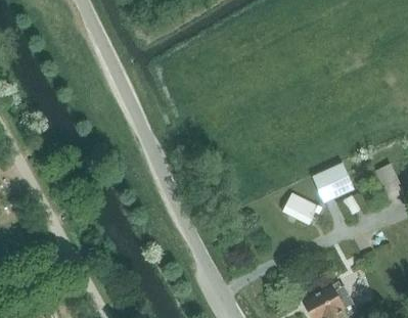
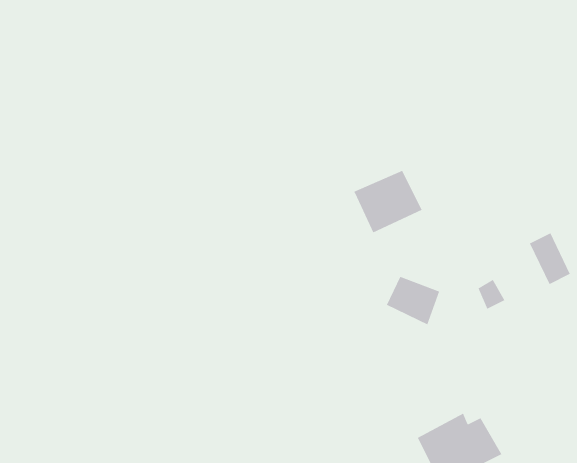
building: [310,162,356,203] -> [353,170,423,234]

